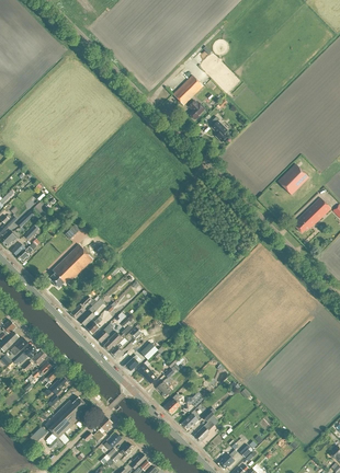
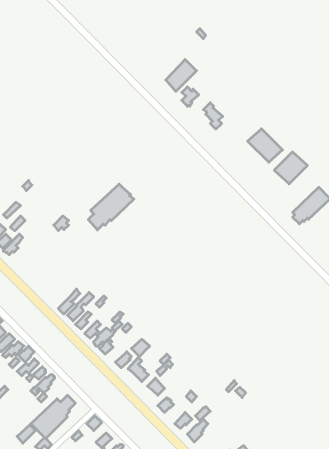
building: none -> [248,129,283,162]
building: [49,244,93,288] -> [88,184,134,230]

